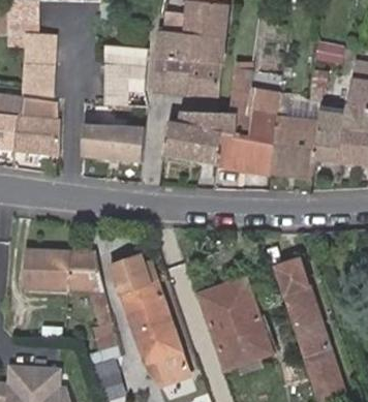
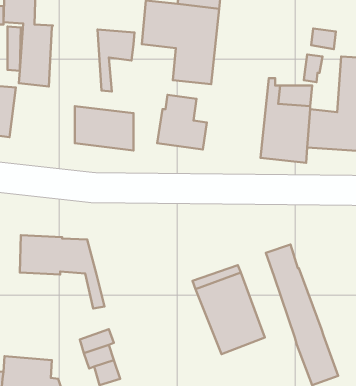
building: [146,57,183,93] -> none
building: [201,62,276,171] -> none
building: [17,100,62,155] -> none
building: [111,256,187,388] -> none

